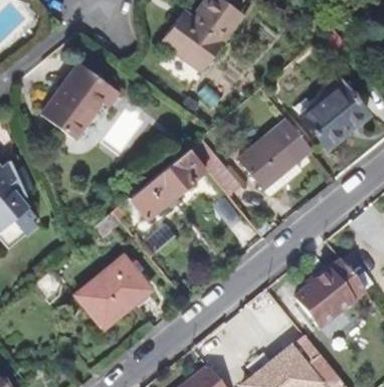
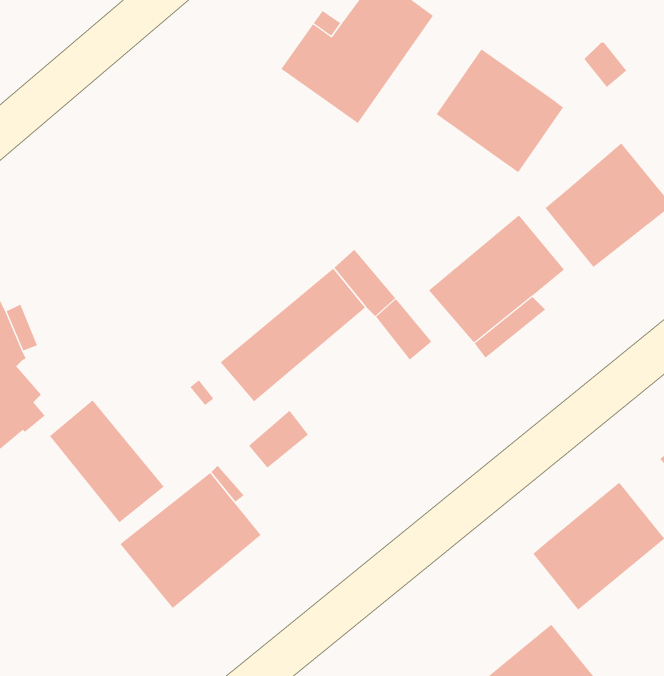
building: none -> [436,48,564,173]
building: [42,62,120,139] -> none
building: none -> [49,399,165,523]

